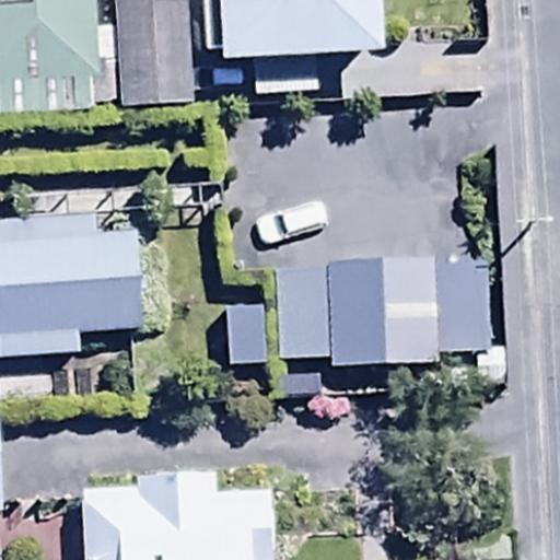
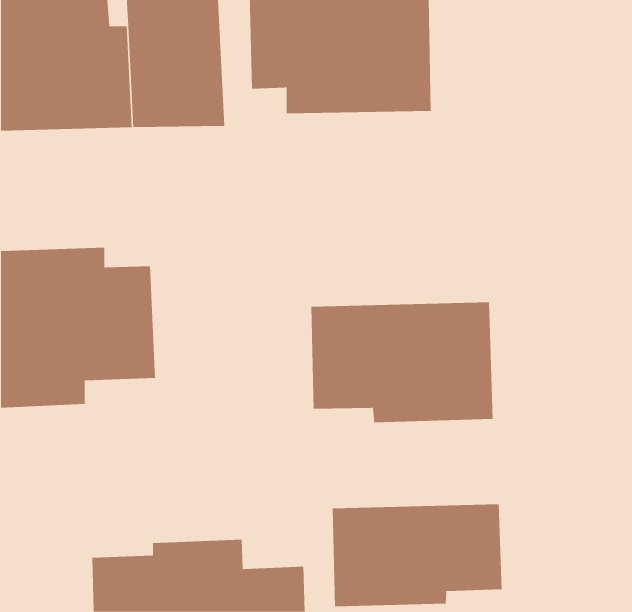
building: none -> [332,503,502,607]

